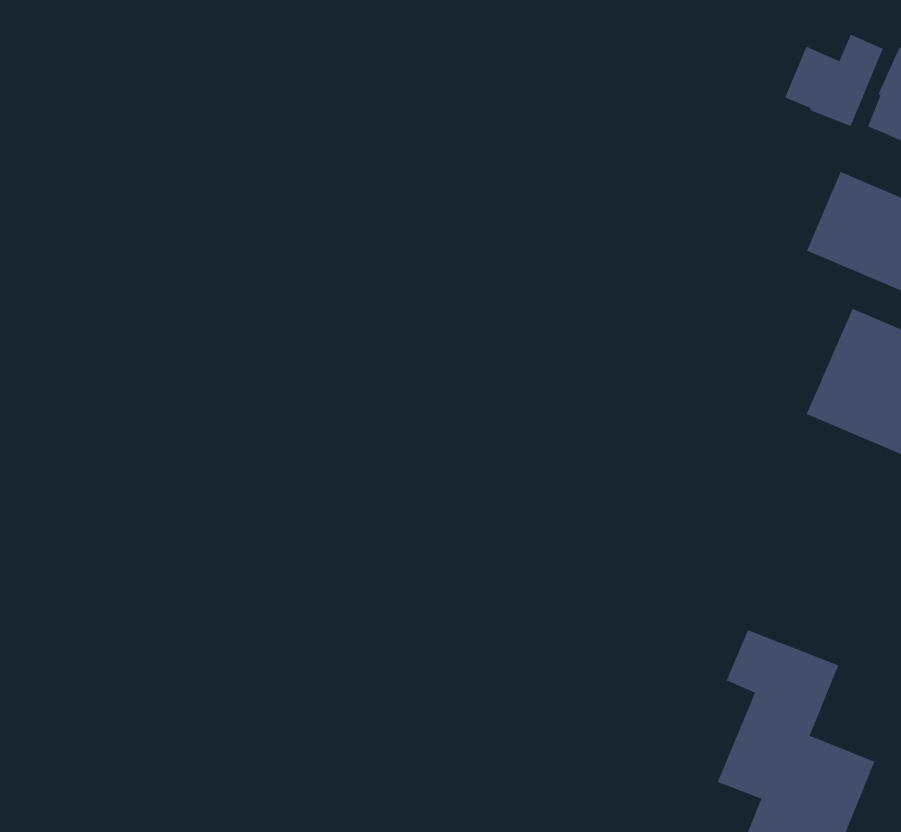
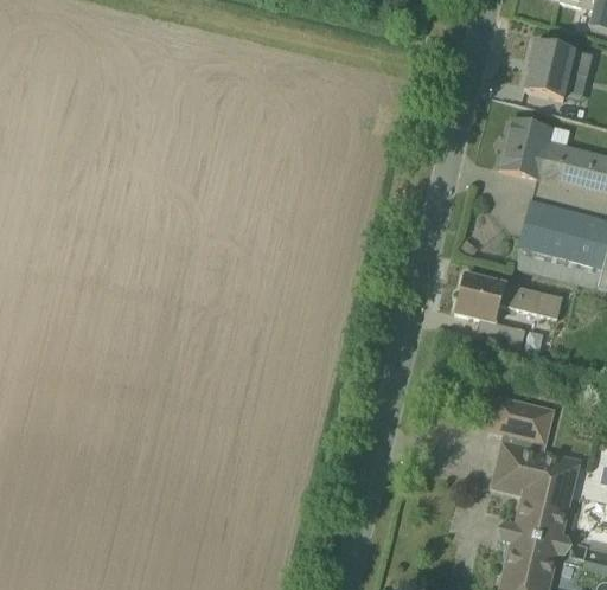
building: [785,34,884,127] -> none
building: none -> [456,272,564,351]

